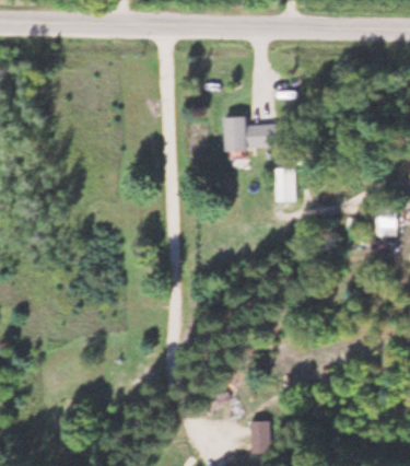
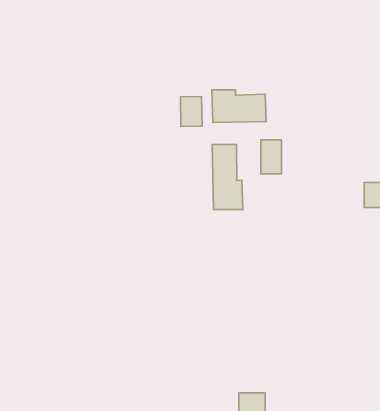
building: none -> [180,96,202,127]
building: none -> [212,144,243,210]

